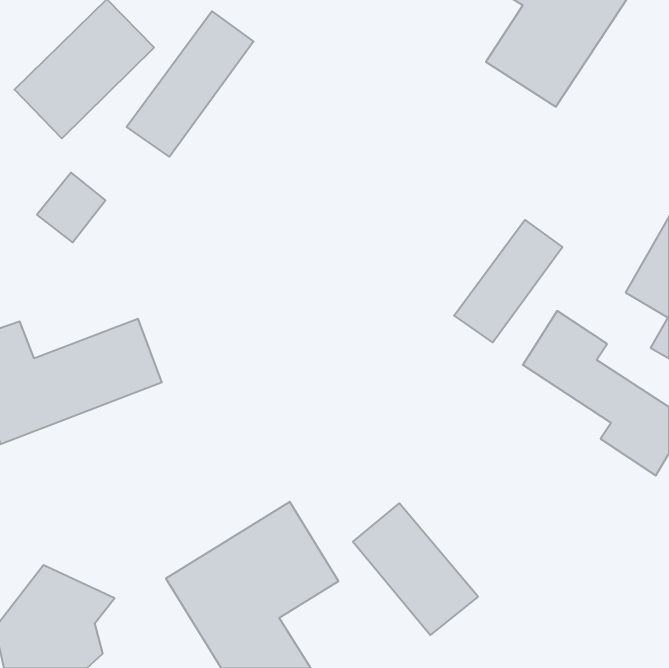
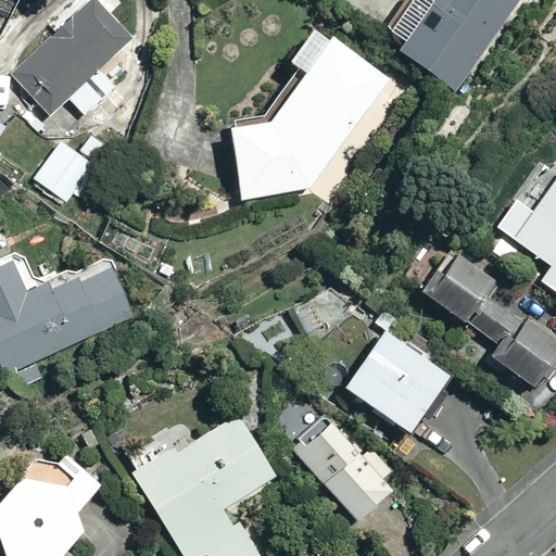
building: [127,11,254,157] -> none
building: none -> [231,35,389,198]
building: [454,220,562,342] -> none
building: none -> [346,333,450,434]

